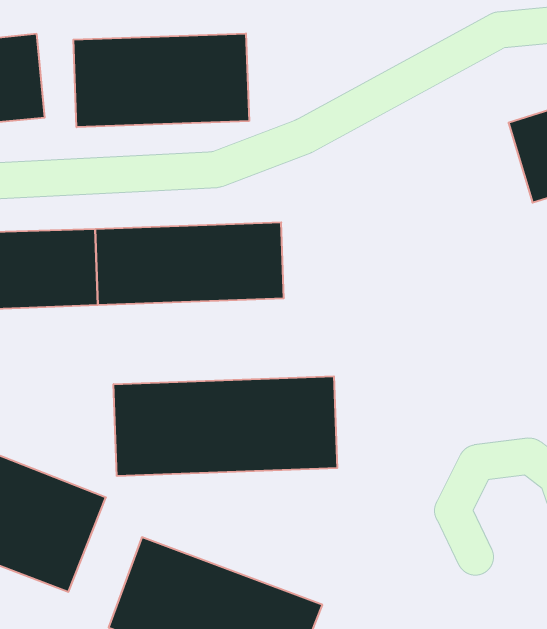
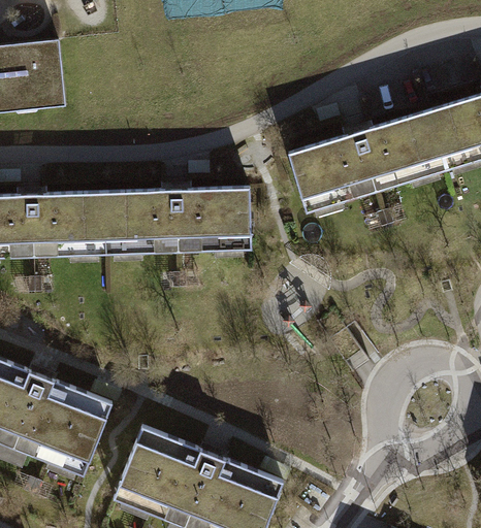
building: [73,33,249,127] -> none
building: none -> [287,110,445,214]
building: [114,376,337,476] -> none

